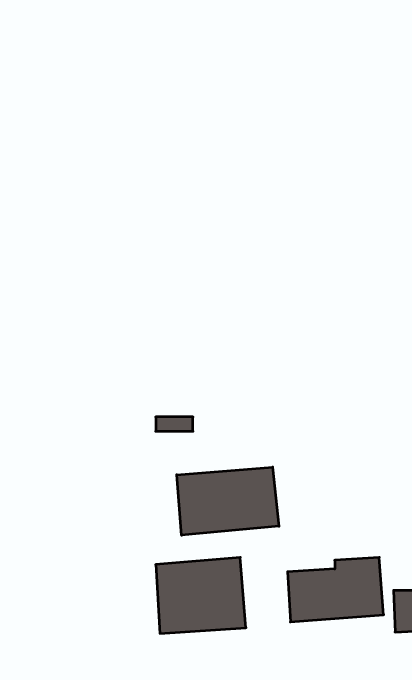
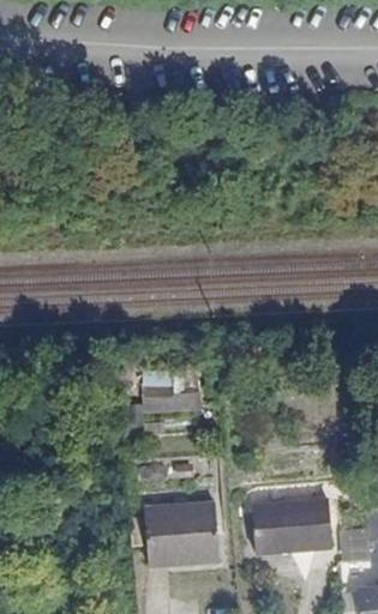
building: [177,467,279,535] -> none

